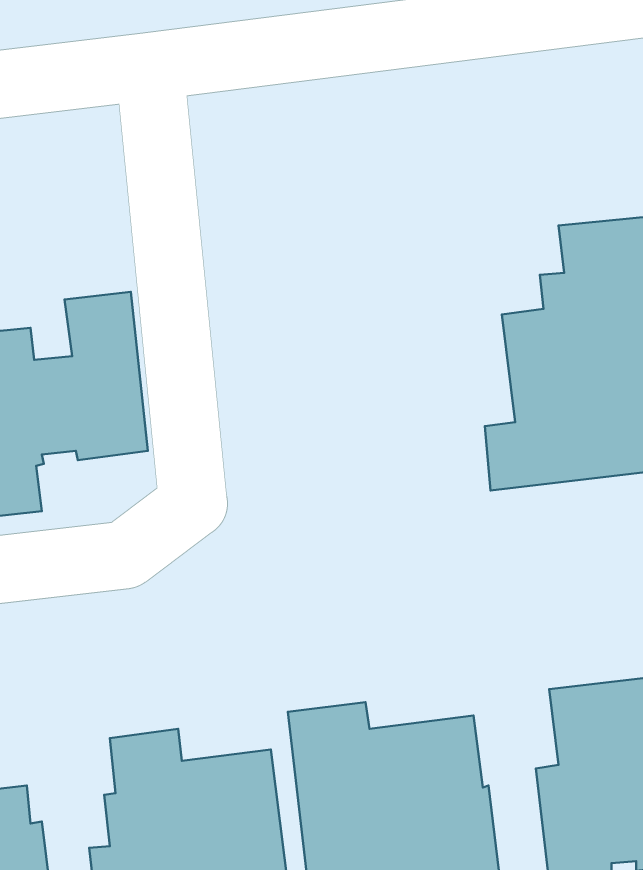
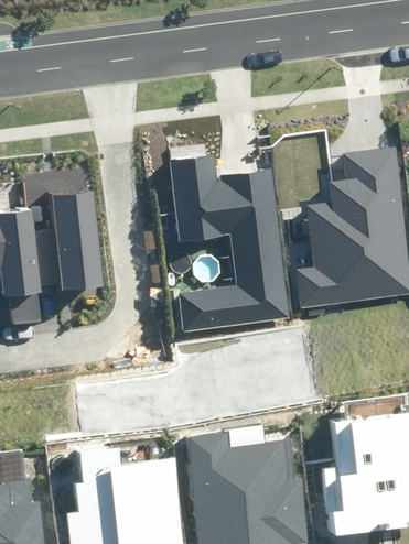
building: none -> [169,156,289,331]

